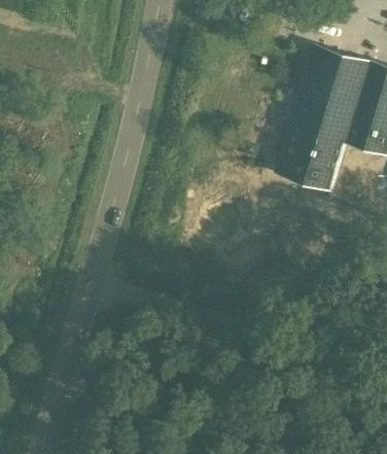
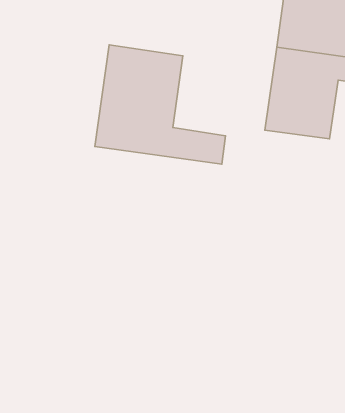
building: none -> [95,45,226,164]

